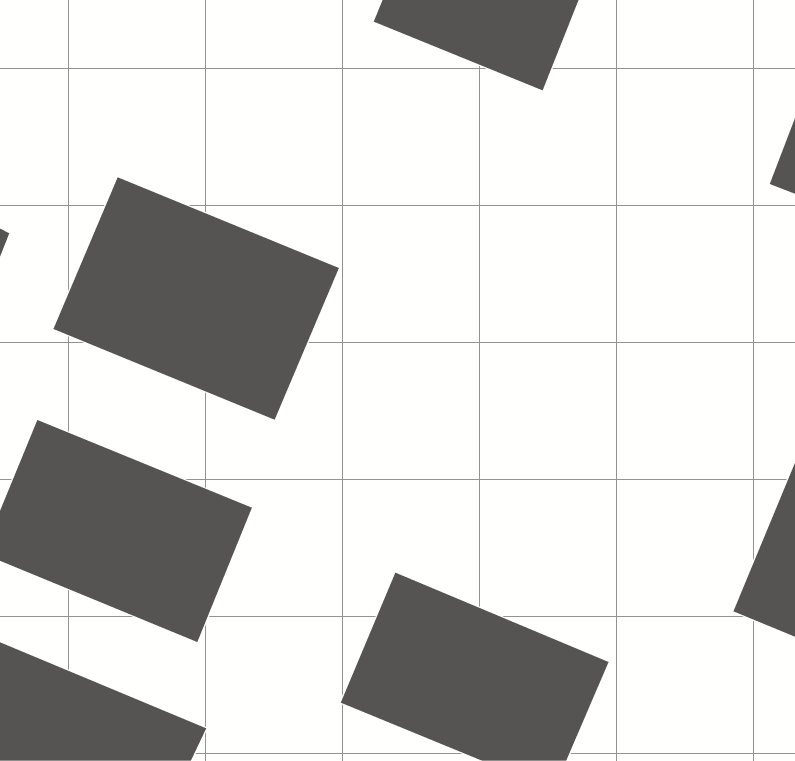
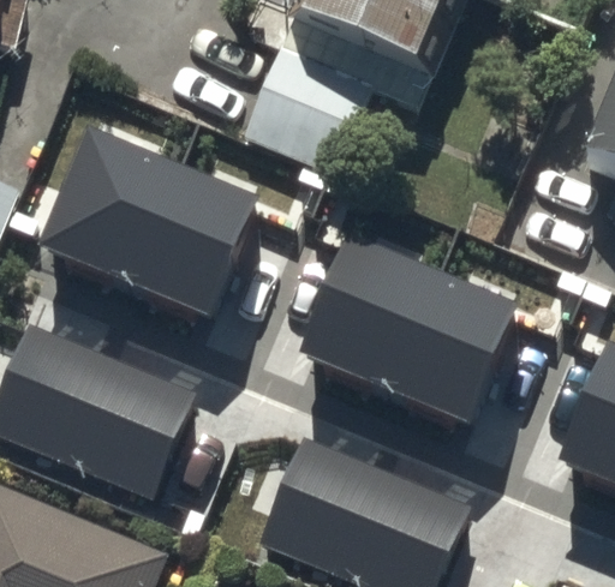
building: none -> [238,47,368,179]
building: none -> [303,244,520,429]

